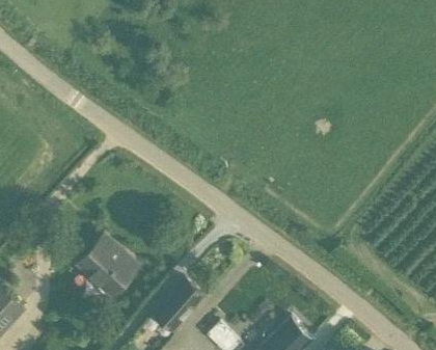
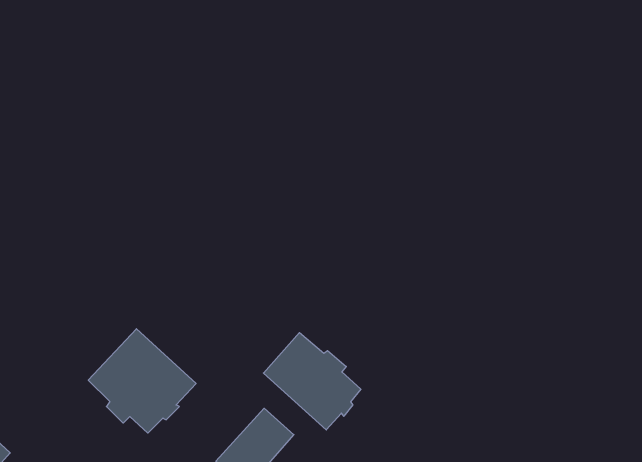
building: none -> [263,333,361,430]

